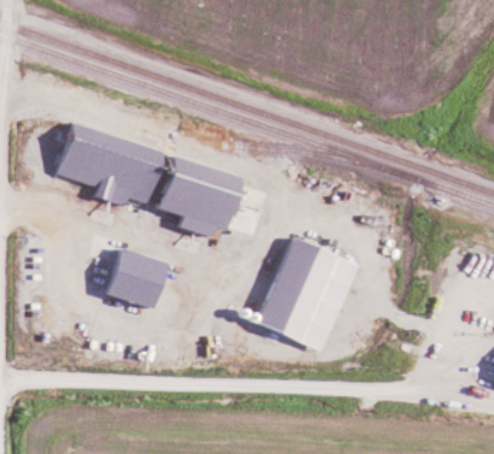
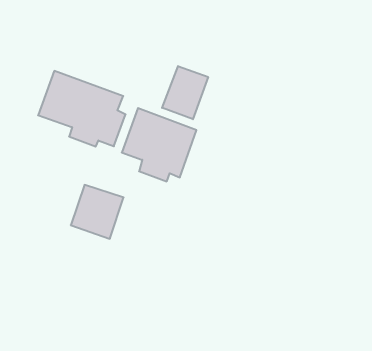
building: none -> [162,66,208,119]
building: [258,238,358,352] -> none

